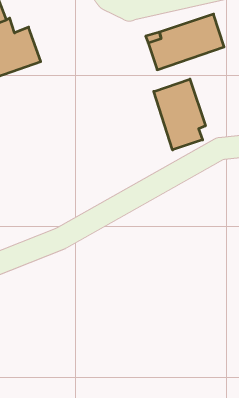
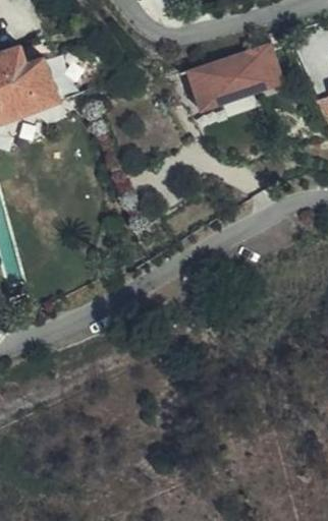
building: [154,79,205,150] -> none

